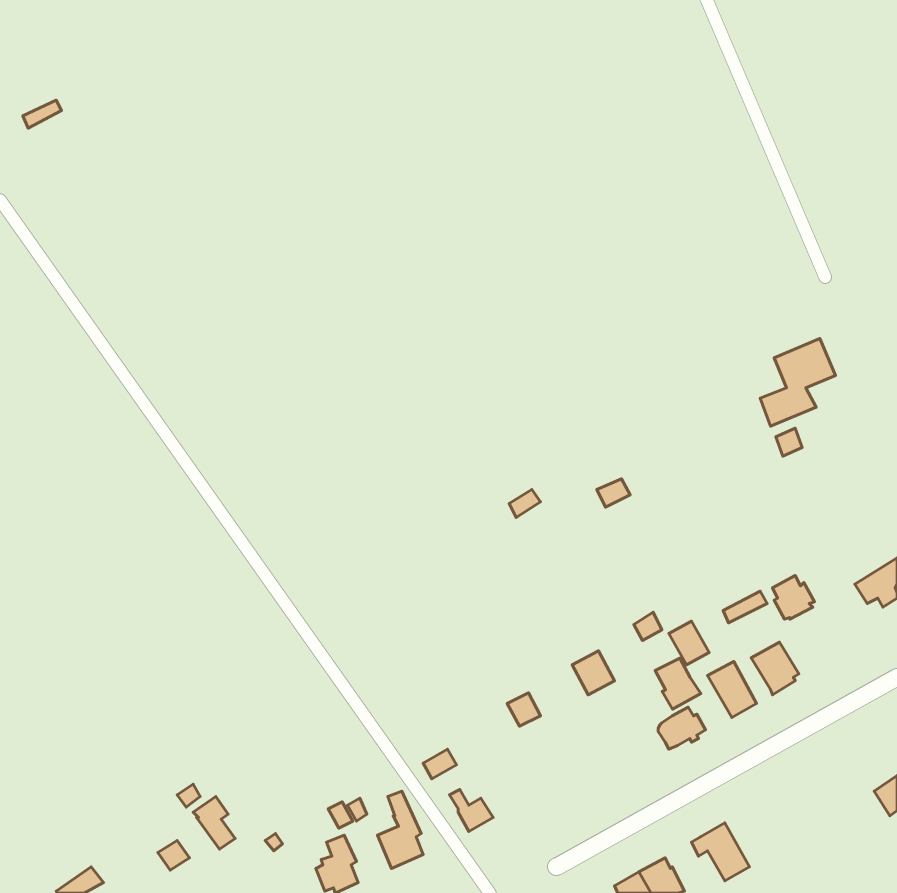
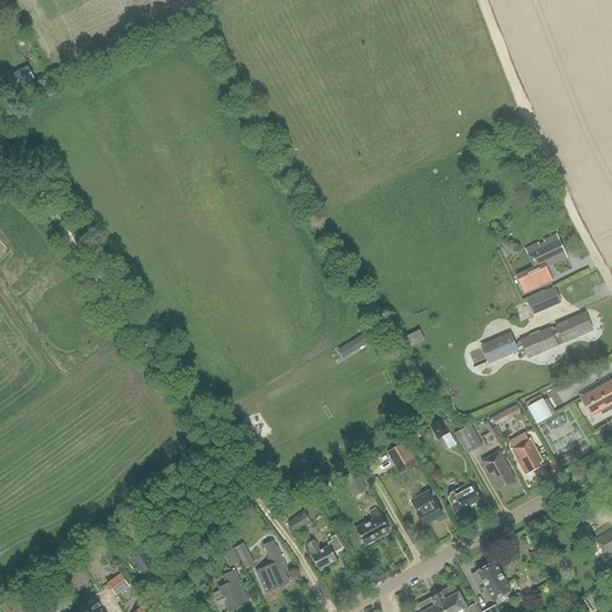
building: none -> [482,310,590,361]
building: [655,658,701,709] -> [411,490,442,525]
building: none -> [356,509,390,544]

